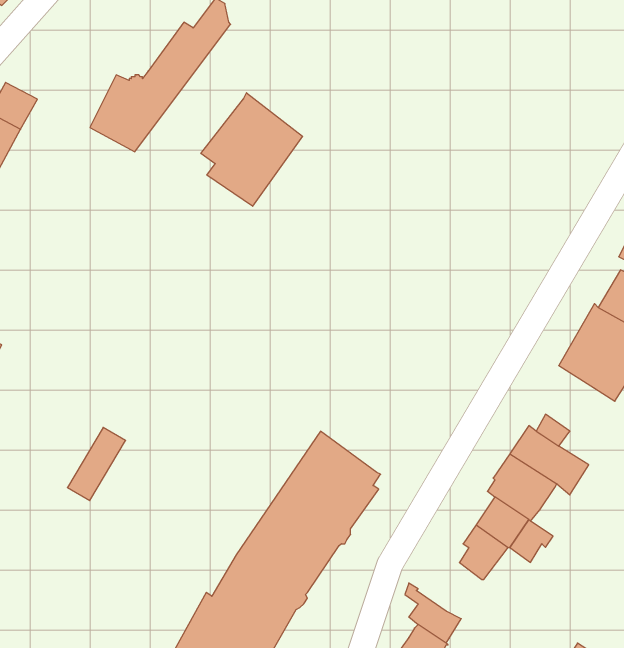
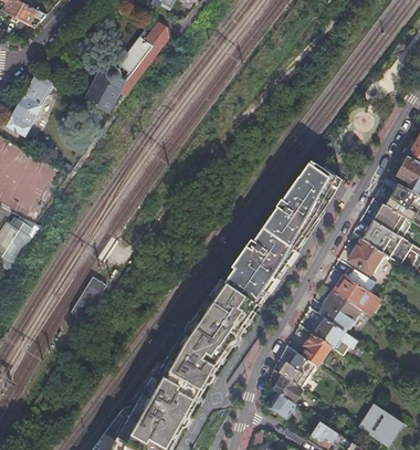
building: [201,93,303,206] -> none
building: none -> [221,160,340,305]
building: none -> [348,240,382,274]
building: none -> [277,353,316,385]

